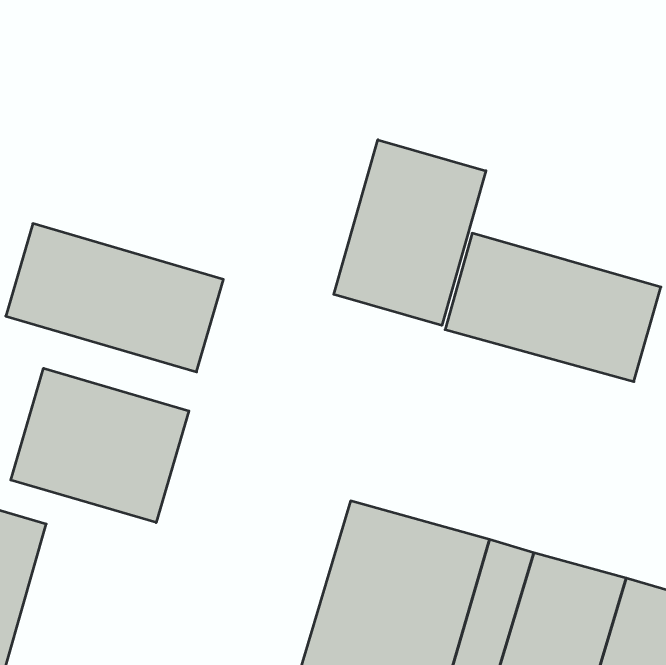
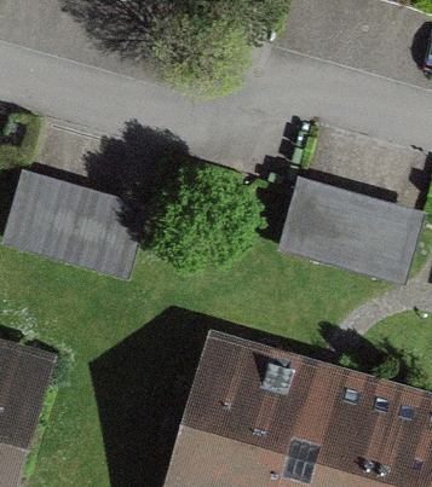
building: [334,140,486,325] -> none
building: [11,368,189,523] -> none

